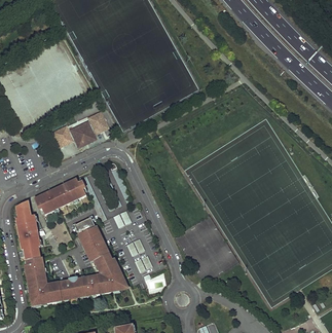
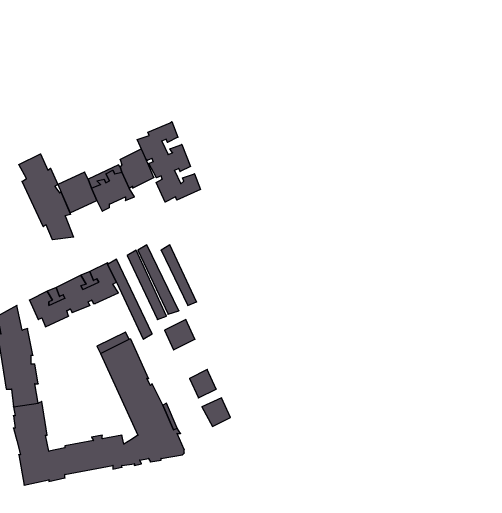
building: none -> [137,122,201,202]
building: none -> [19,154,74,240]

